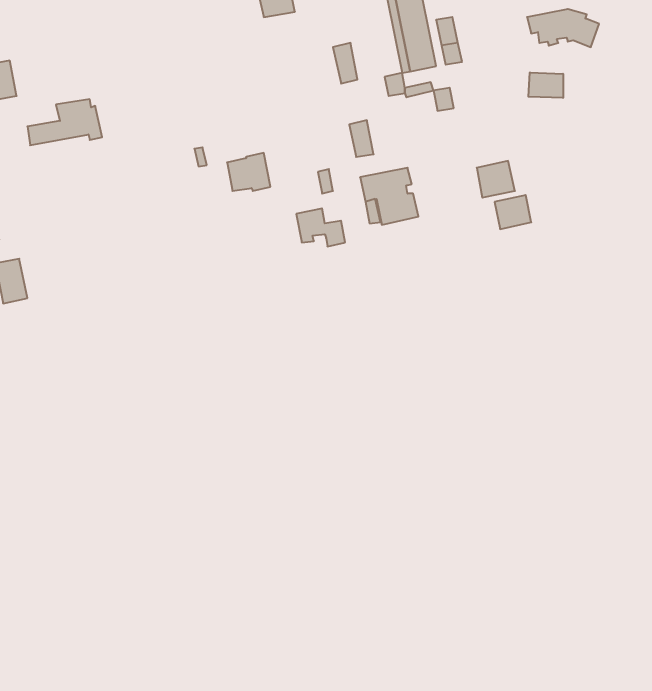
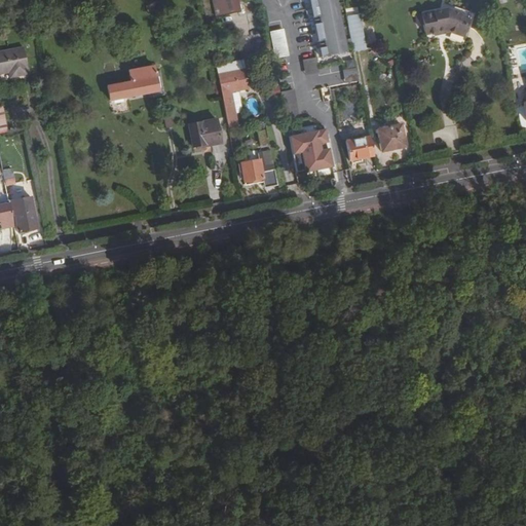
building: [528,72,563,98] -> none
building: none -> [218,68,249,126]
building: [27,99,102,145] -> [107,64,163,99]
building: [495,195,531,229] -> [346,134,374,159]

